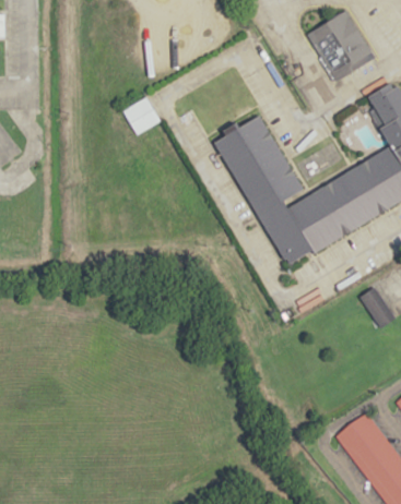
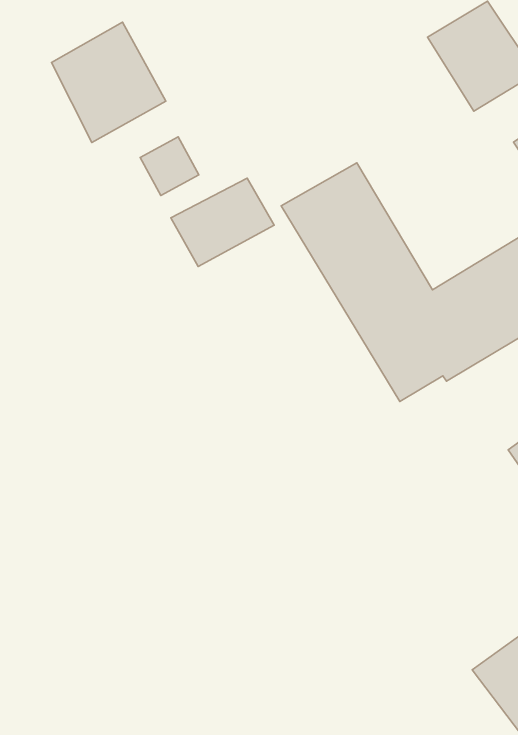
building: none -> [51,22,166,143]
building: none -> [171,178,274,267]

